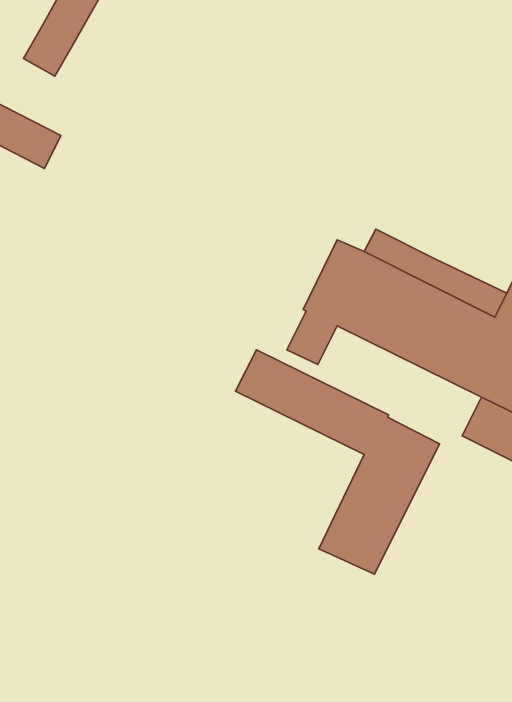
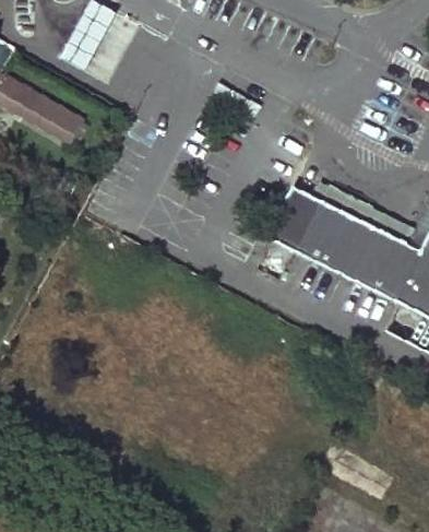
building: [236,350,440,574] -> none

